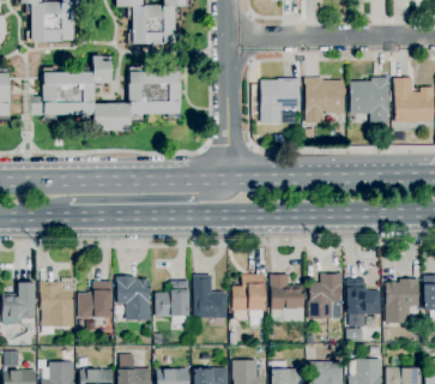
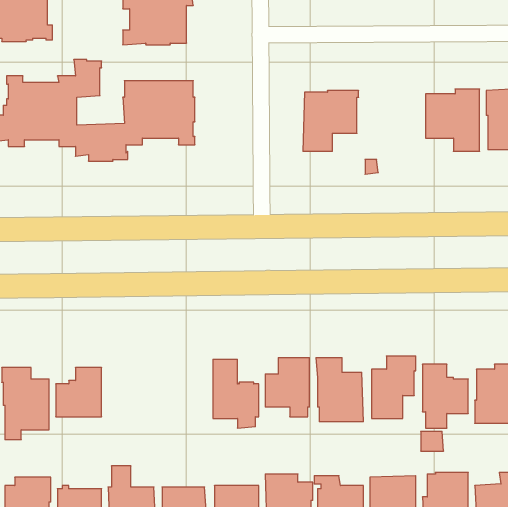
building: [304,77,345,122] -> none
building: [116,276,151,320] -> none
building: [156,280,189,323] -> none

